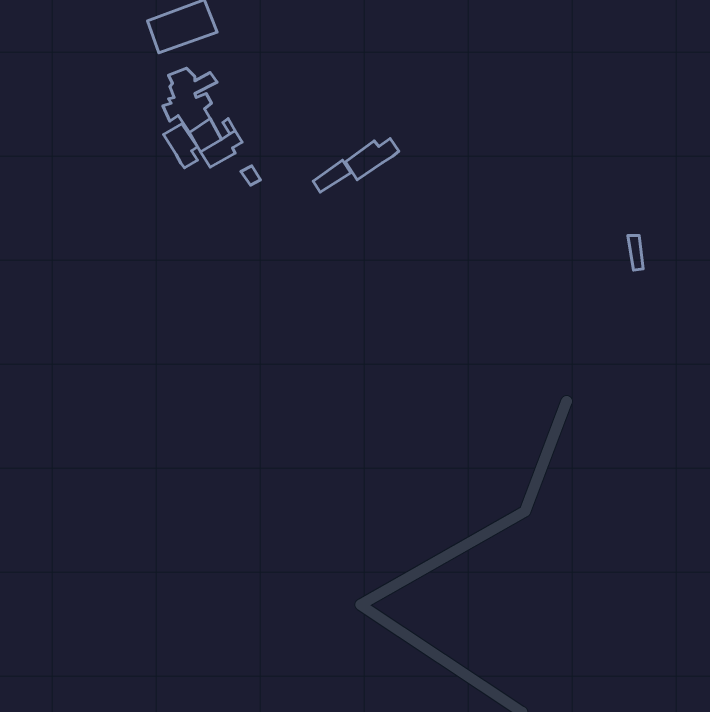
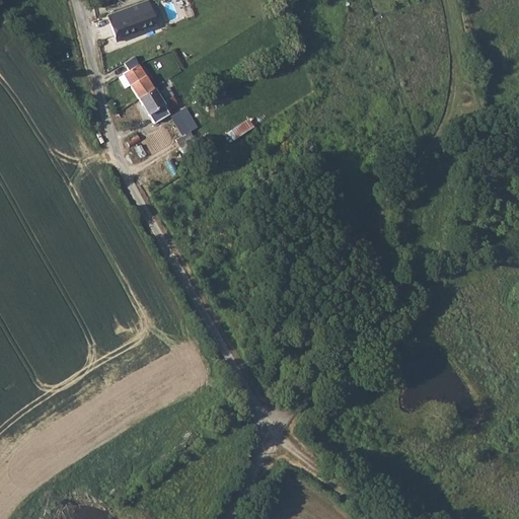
building: [164,124,198,168] -> none
building: [346,138,399,180] -> none

